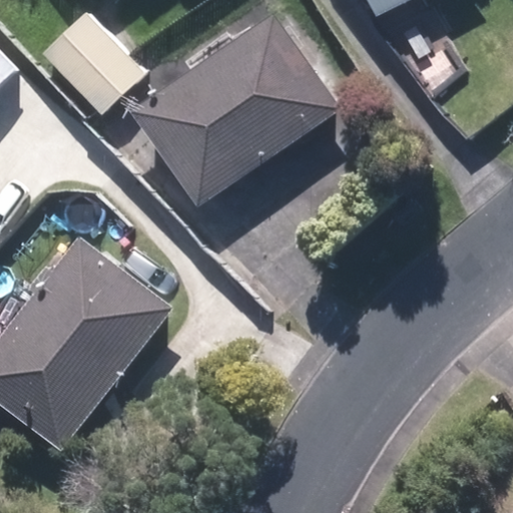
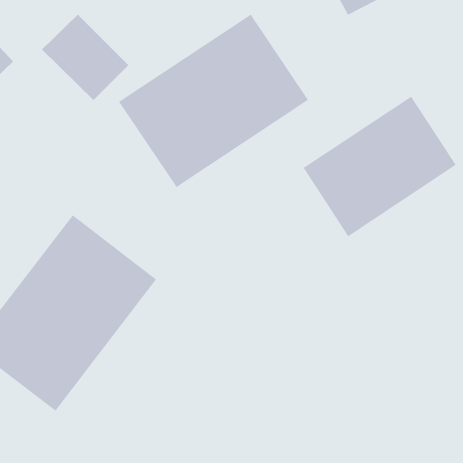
building: none -> [303,96,456,237]

